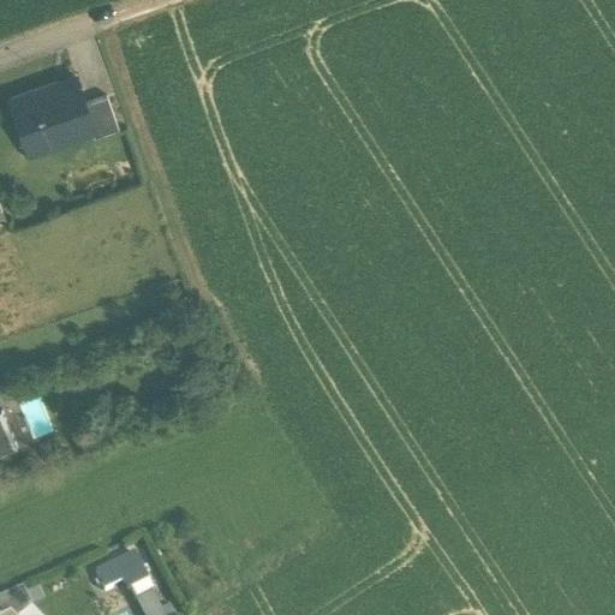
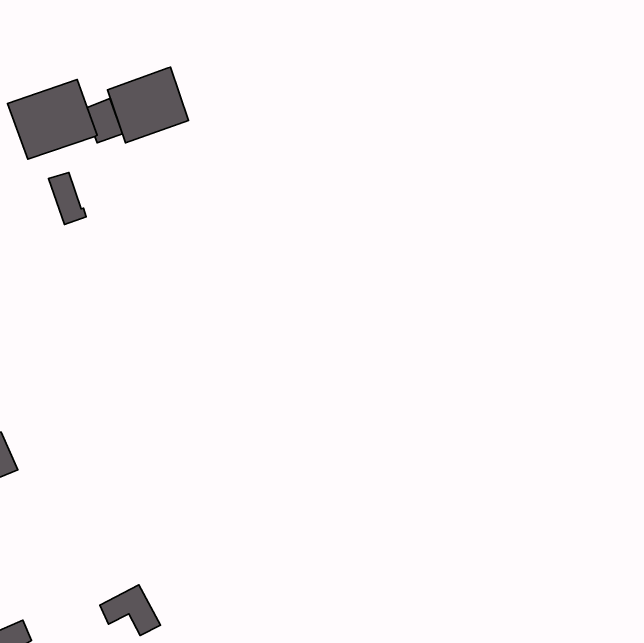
building: none -> [107,67,189,143]
building: none -> [49,172,86,224]

